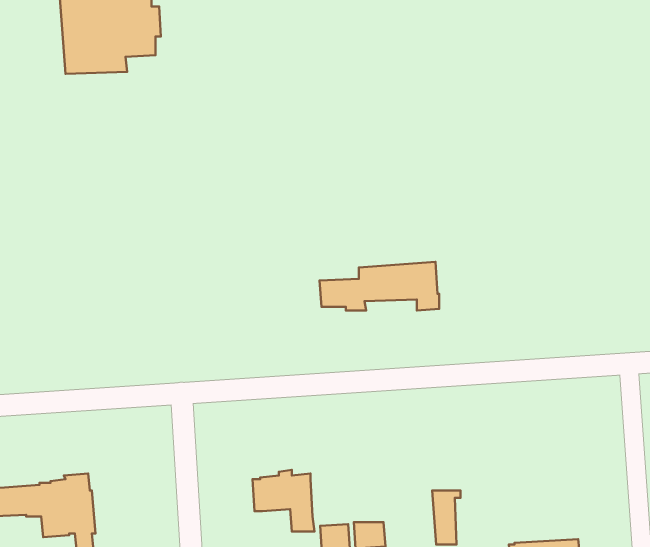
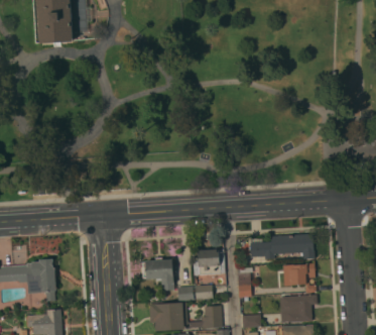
building: [320,262,439,311] -> [250,233,315,259]
building: none -> [195,248,226,275]
building: none -> [283,263,317,294]

